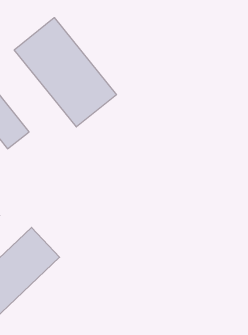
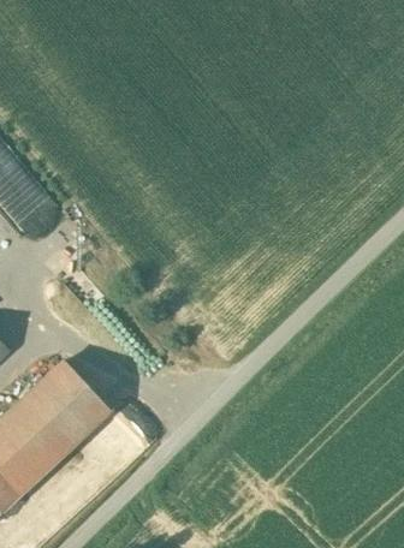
building: [14,18,116,127] -> none

